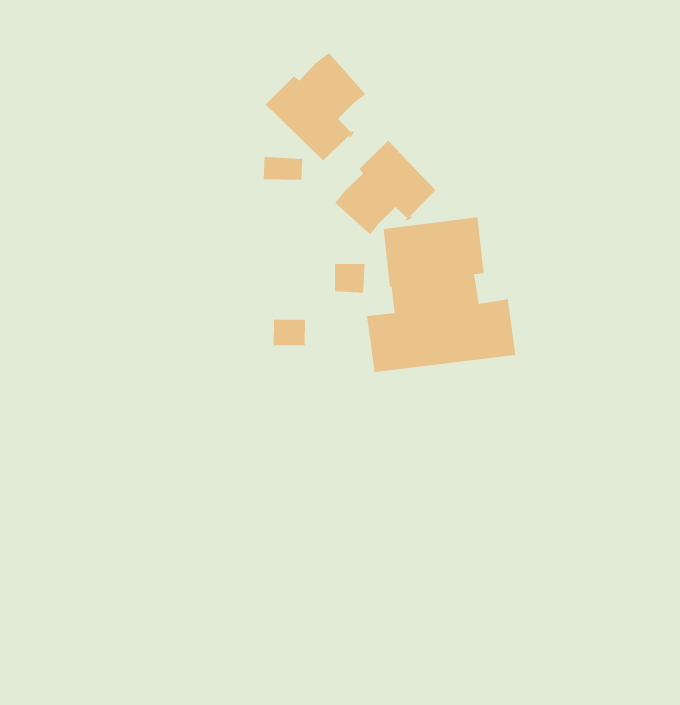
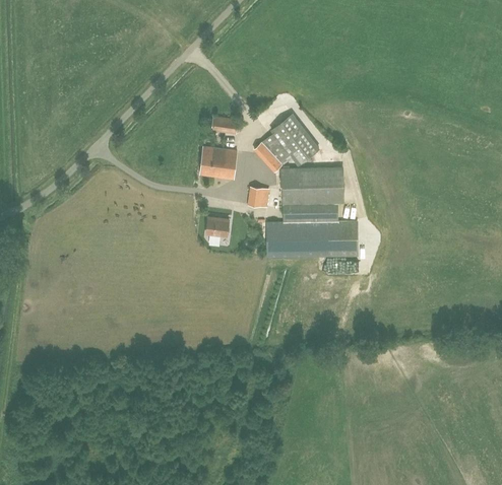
building: [265,52,366,161] -> none
building: none -> [200,146,238,178]

